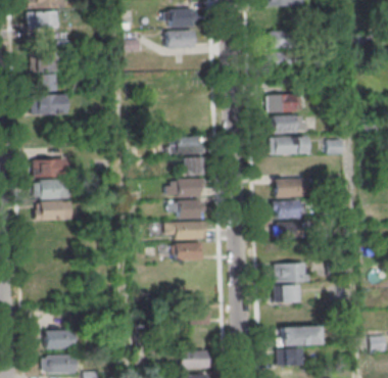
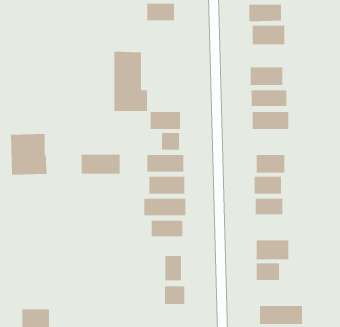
building: [33,55,66,114] -> [114,51,148,112]
building: [34,201,72,221] -> [81,154,121,174]
building: none -> [165,255,181,281]

